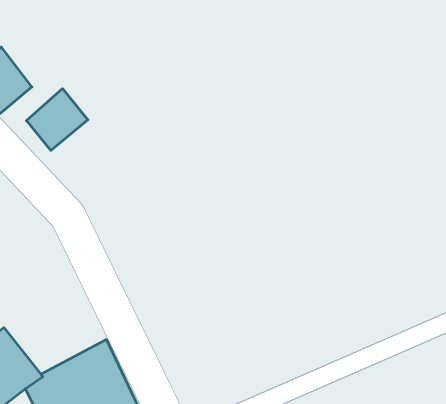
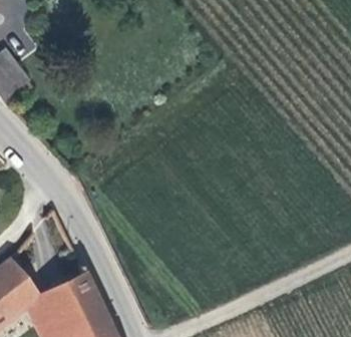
building: [26,89,88,150] -> none

